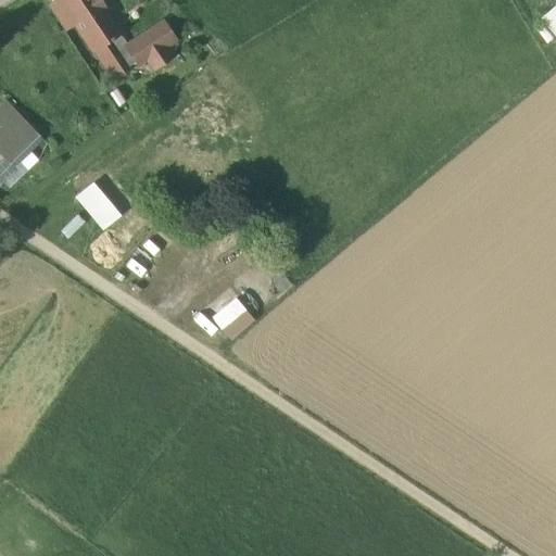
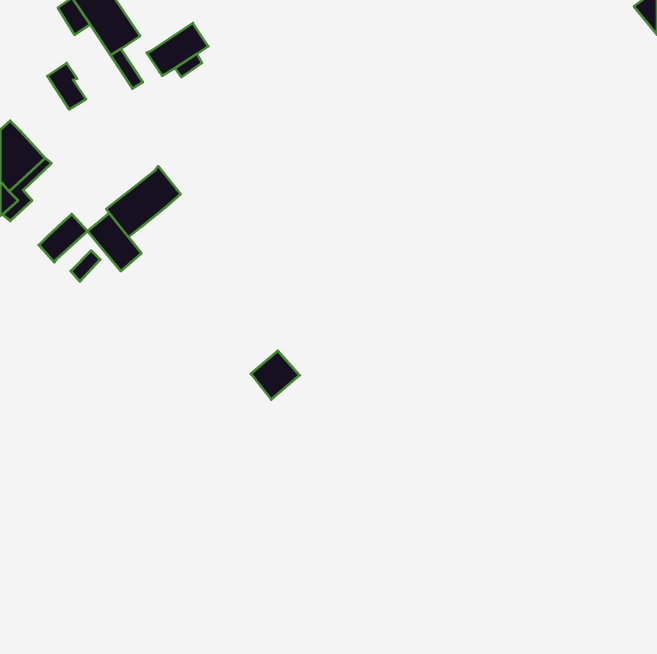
building: [102,30,135,70] -> [47,63,86,109]
building: none -> [106,166,180,237]
building: none -> [39,214,87,262]

